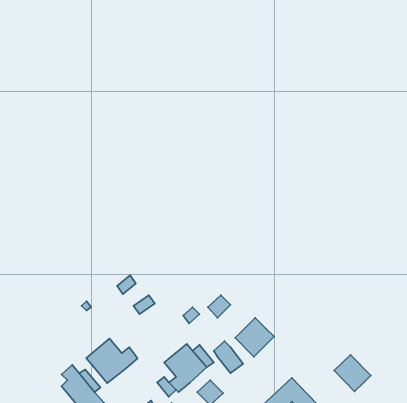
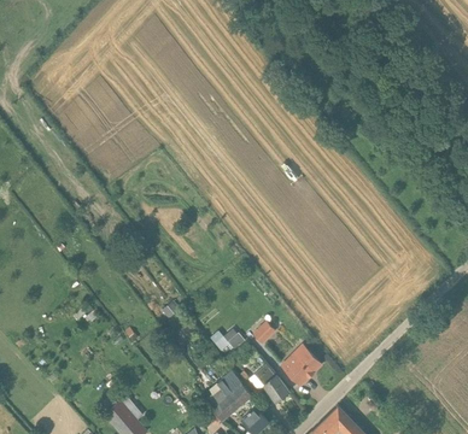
building: [86,339,137,383] -> none
building: [334,355,371,391] -> none

